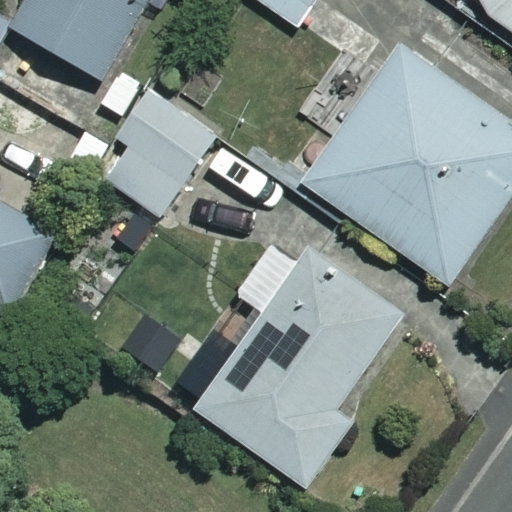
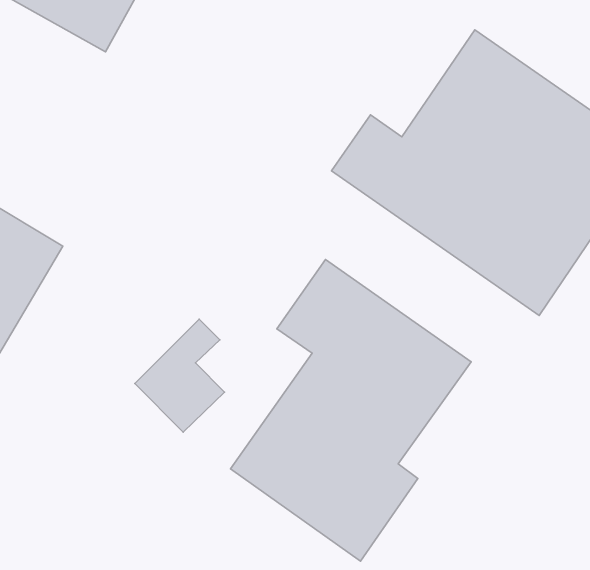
building: [98,93,217,217] -> none

